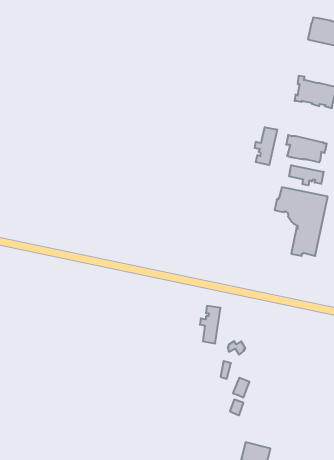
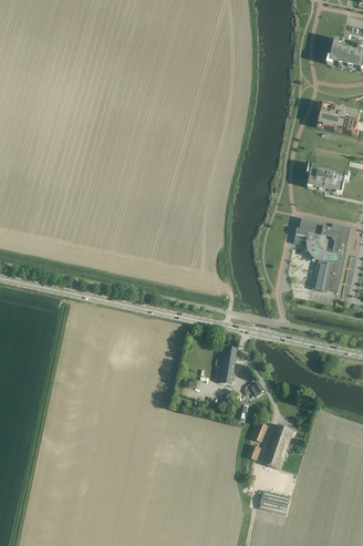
building: [255,127,277,165] -> none
building: [289,165,324,185] -> none
building: none -> [263,424,293,468]

